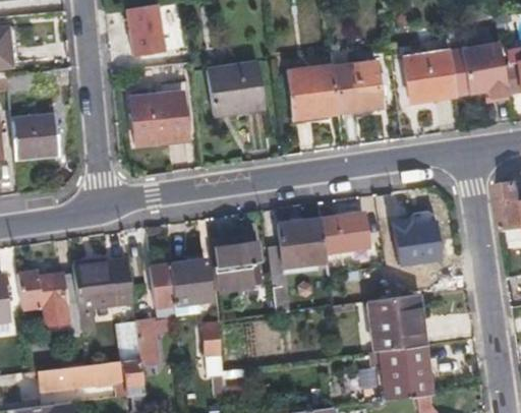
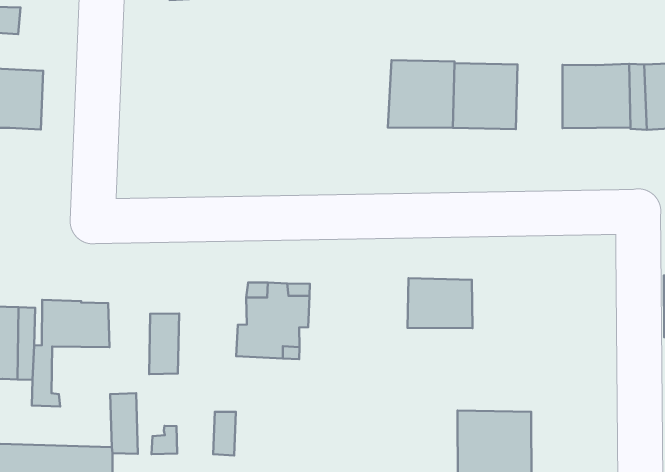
building: [207,62,264,112] -> none
building: [131,92,187,143] -> none
building: [267,218,327,314] -> none
building: [395,221,445,266] -> none
building: [170,258,211,304] -> none

